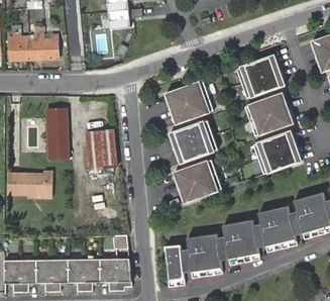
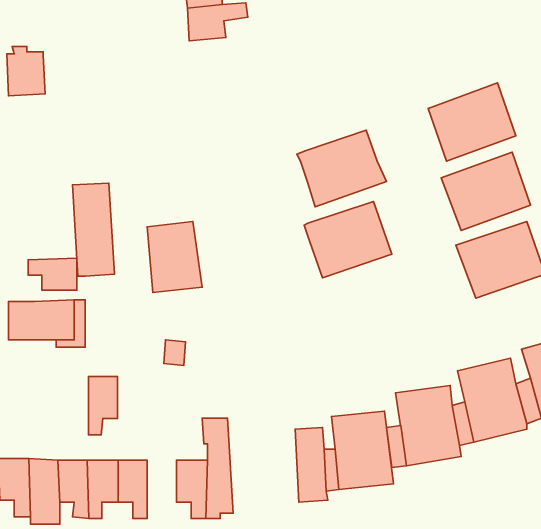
building: [27,25,57,59] -> none
building: none -> [28,258,77,290]
building: [176,158,224,200] -> none
building: [85,262,101,294] -> [88,377,118,435]

